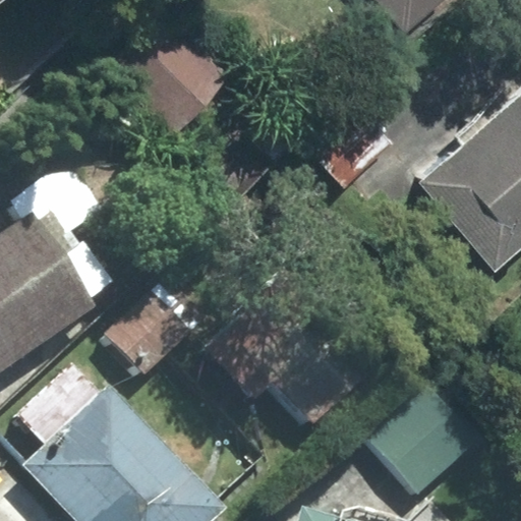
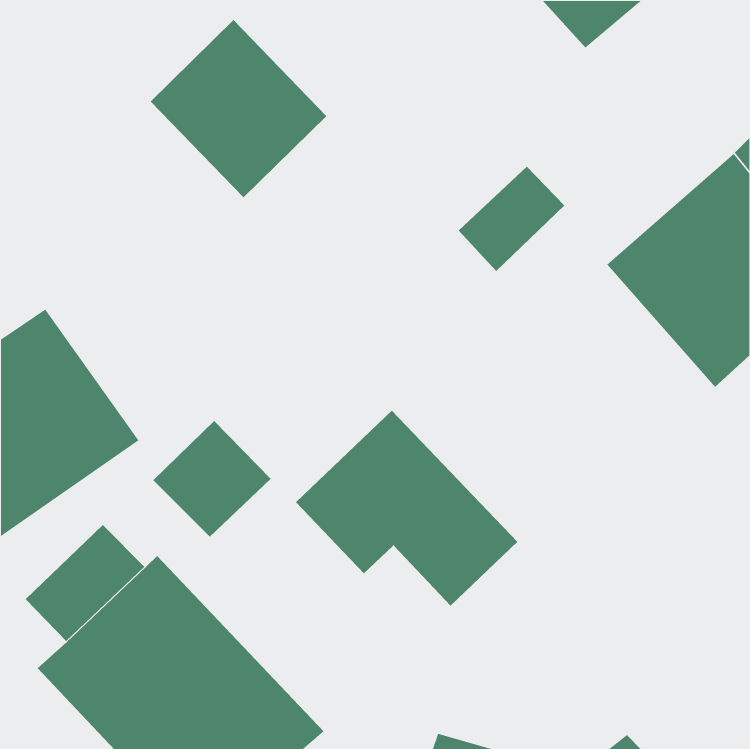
building: [369,385,480,495] -> none

